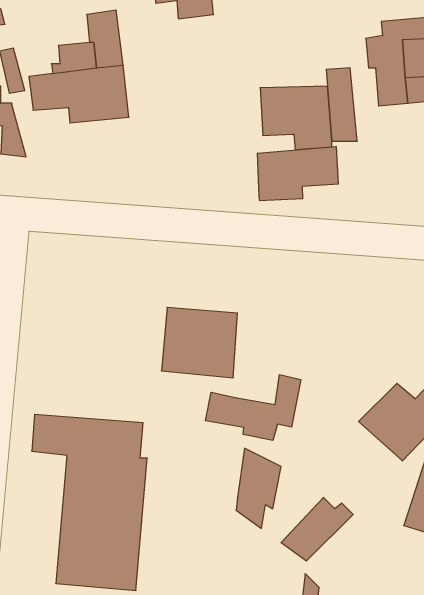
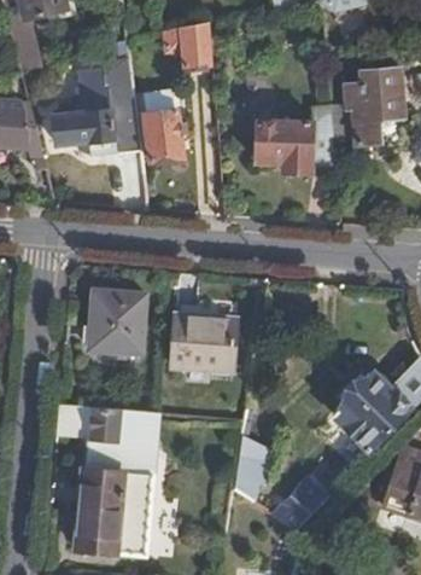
building: none -> [147,86,183,157]
building: [258,146,338,201] -> none
building: none -> [86,291,145,362]
building: [205,375,301,440] -> none

